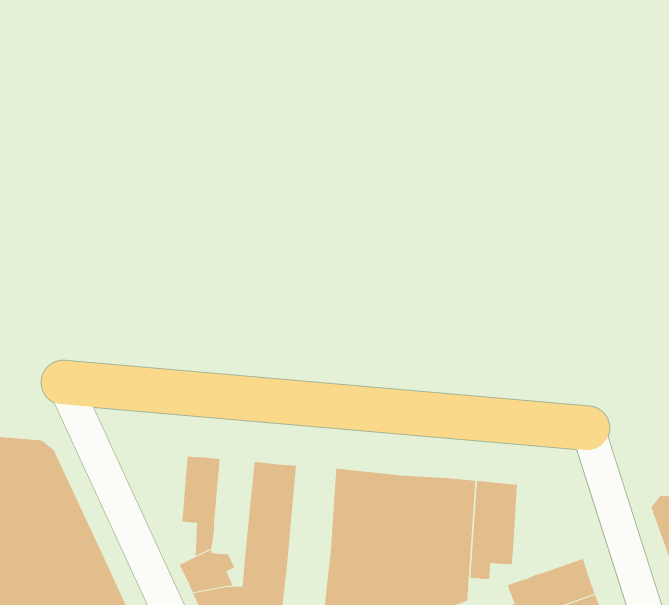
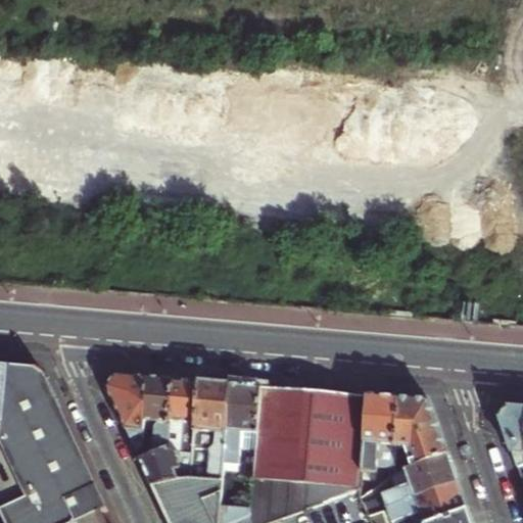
building: none -> [103,375,144,449]
building: none -> [163,380,195,453]
building: none -> [221,385,257,464]
building: none -> [393,399,446,467]

